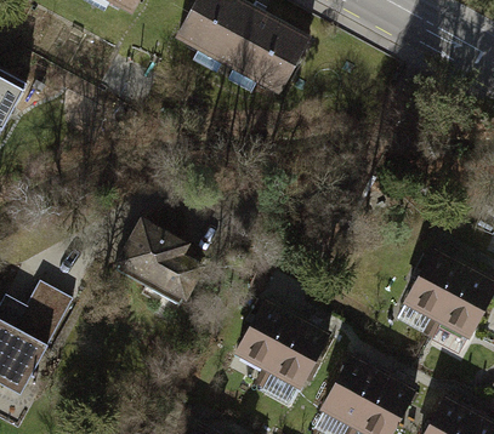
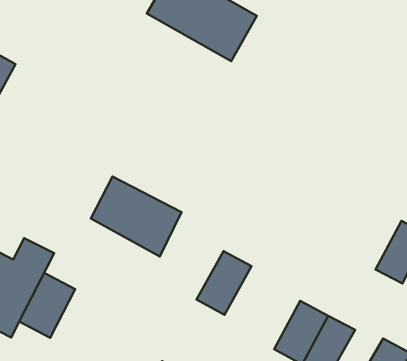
building: [403,250,464,321] -> none
building: [265,318,325,388] -> none
building: none -> [19,273,75,338]

